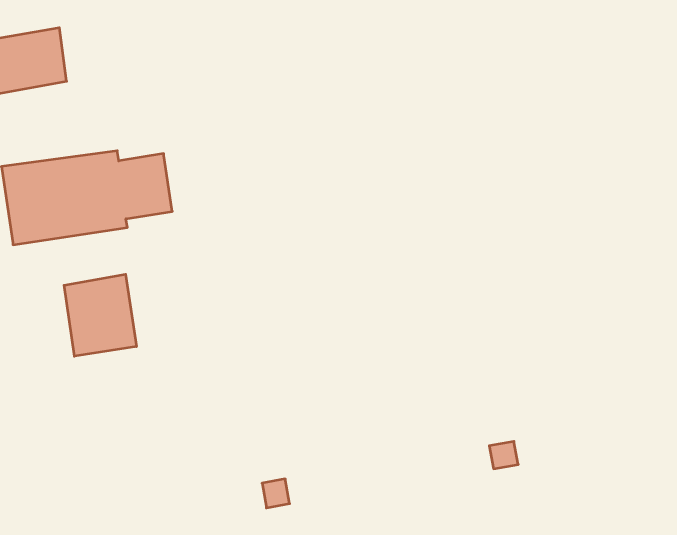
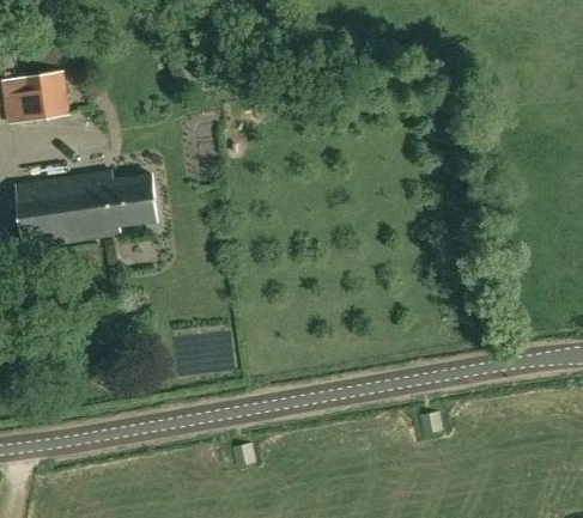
building: [64,274,136,356] -> none

